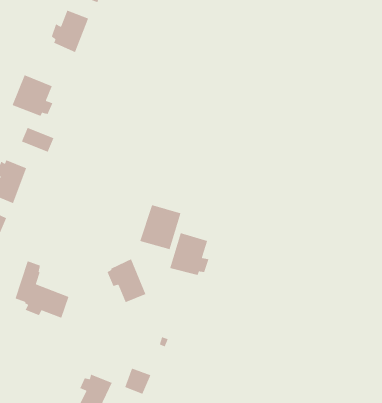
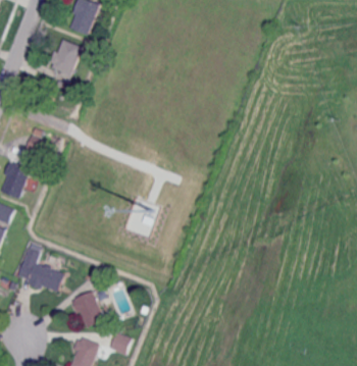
building: [11,74,54,117] -> none
building: [169,232,210,276] -> none
building: [107,258,146,303] -> [72,290,105,326]

